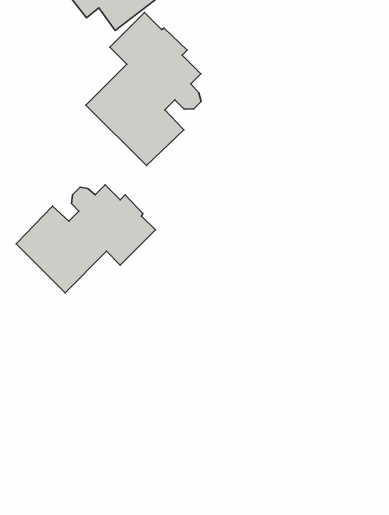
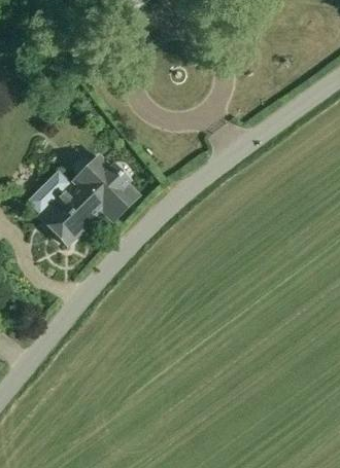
building: [86,12,201,166] -> none

